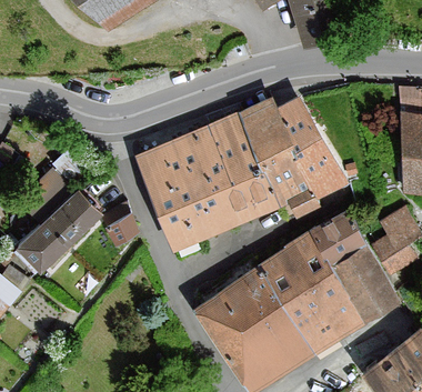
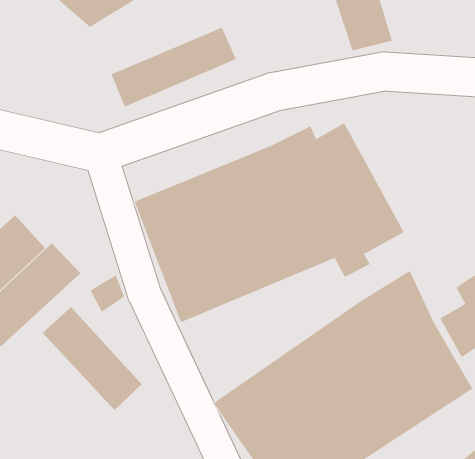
building: none -> [111,27,237,108]
building: none -> [42,306,142,411]

